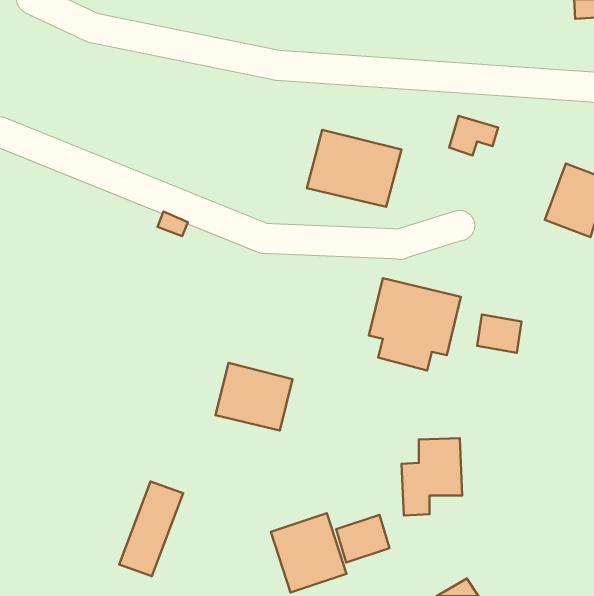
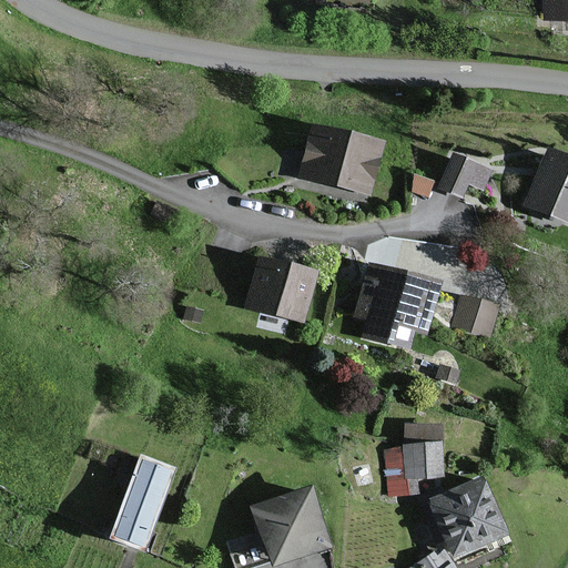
building: [449,116,498,156] -> [438,160,485,197]
building: [216,363,293,430] -> [243,257,316,322]
building: none -> [436,478,509,555]
building: [336,515,389,562] -> none

